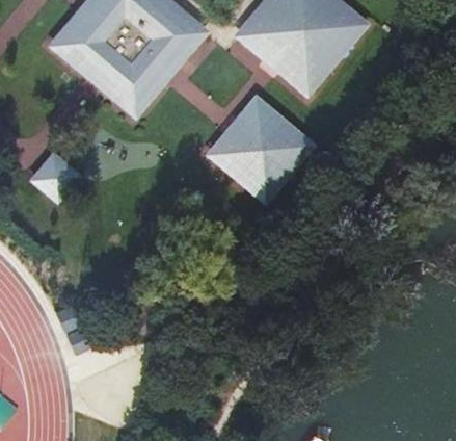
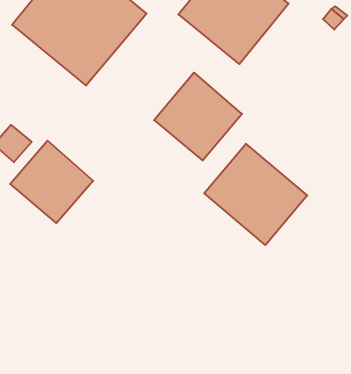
building: none -> [10,141,93,223]
building: none -> [204,144,307,245]

